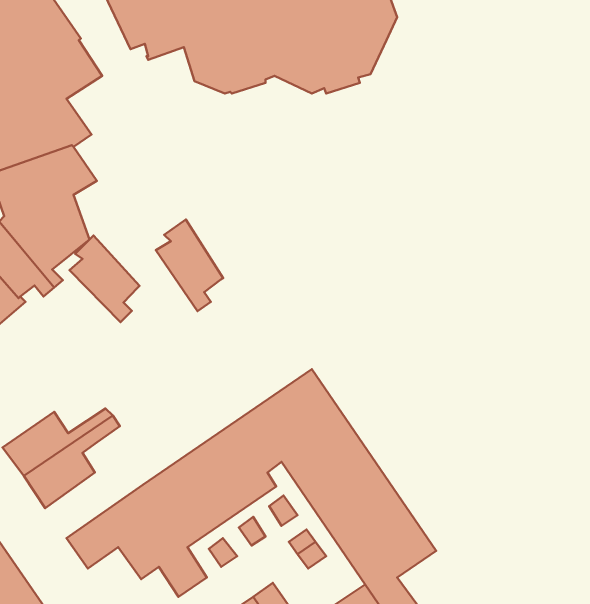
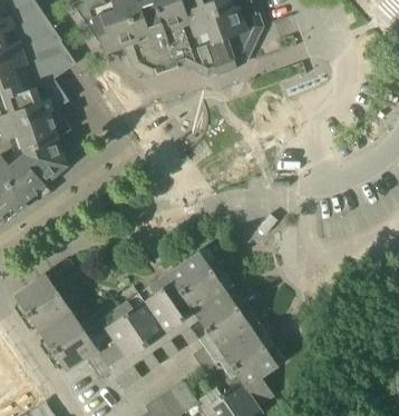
building: [156,219,223,311] -> none
building: [70,235,140,322] -> none
building: none -> [40,311,101,353]

